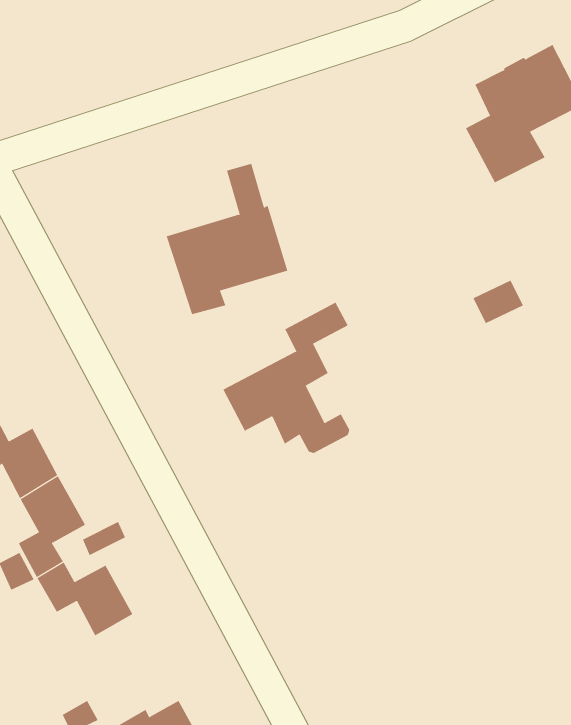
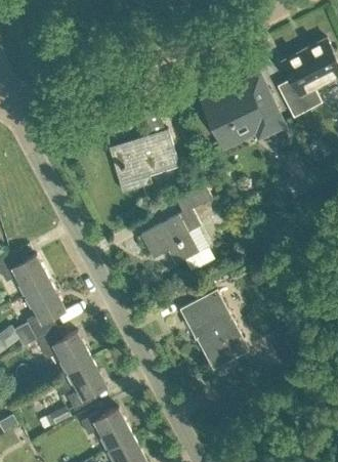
building: none -> [201,87,282,148]
building: none -> [179,289,248,364]
building: none -> [68,360,104,410]

